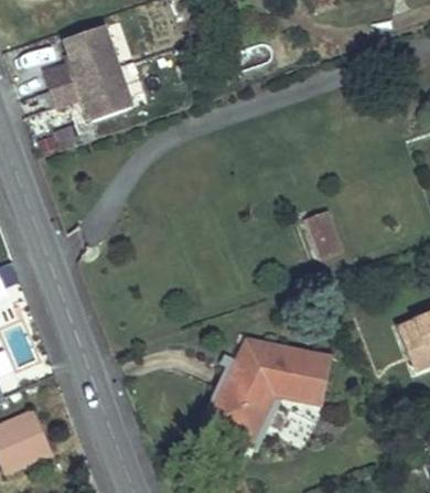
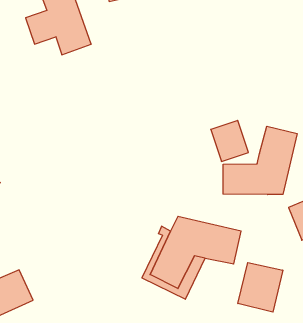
building: none -> [223,126,297,195]
building: none -> [238,263,283,312]

